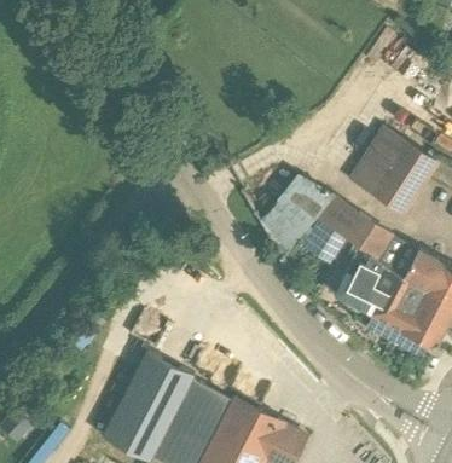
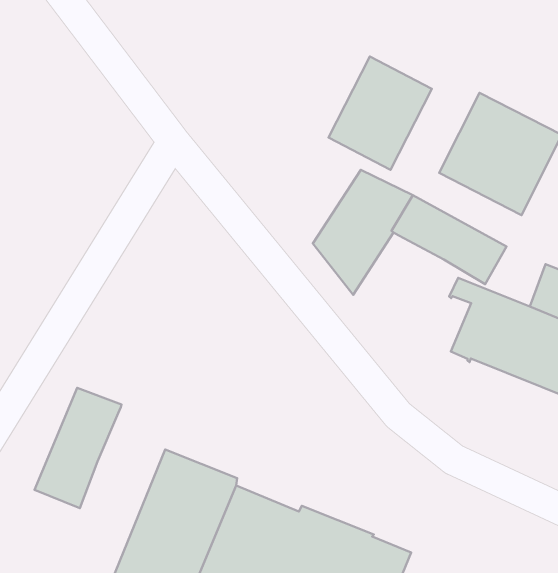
building: none -> [329,56,432,170]
building: [305,220,348,261] -> none
building: none -> [35,388,121,508]

